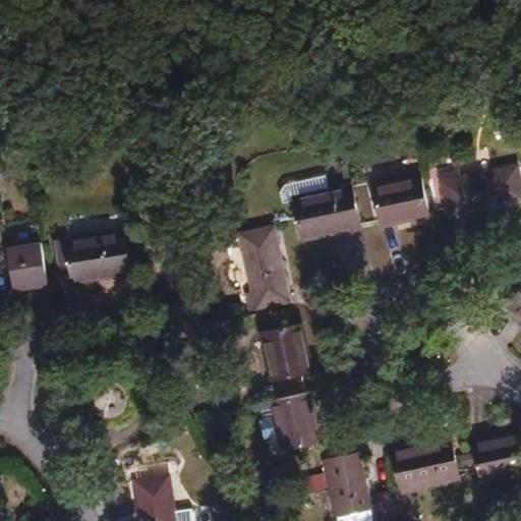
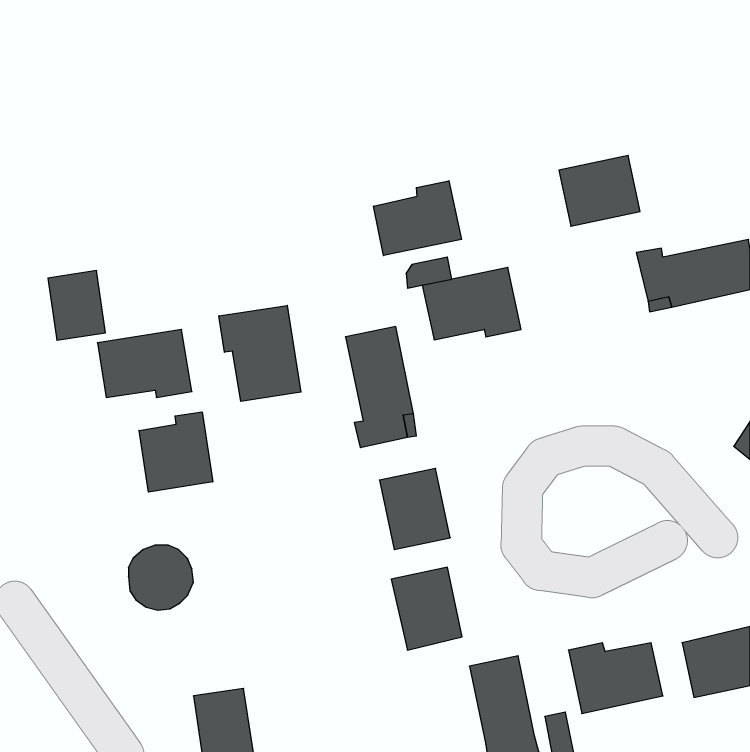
building: none -> [374,181,462,256]
building: [371,178,427,227] -> [559,155,640,226]
building: none -> [219,305,301,401]
building: [6,243,46,291] -> [48,271,105,340]
building: none -> [139,412,213,492]

